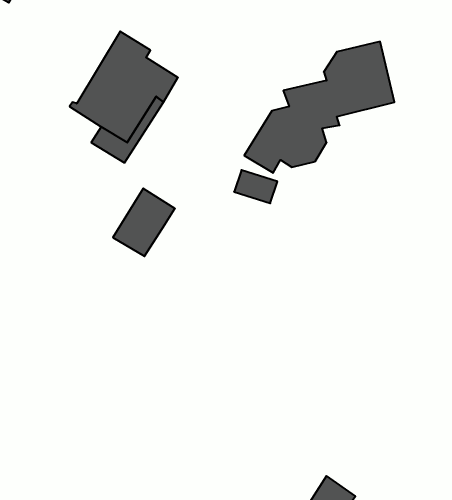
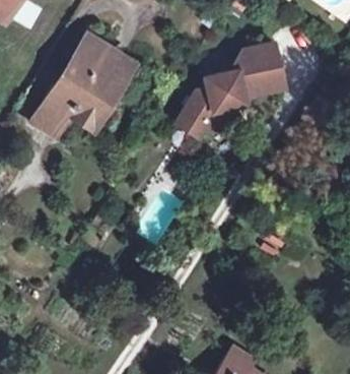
building: [113,188,175,256] -> [32,88,76,136]

